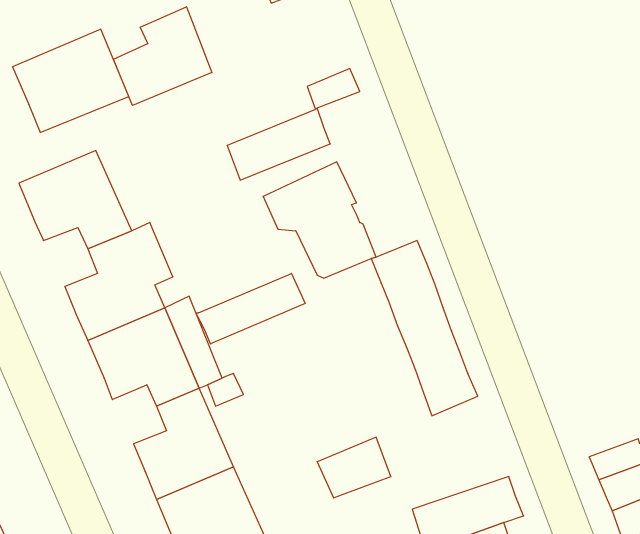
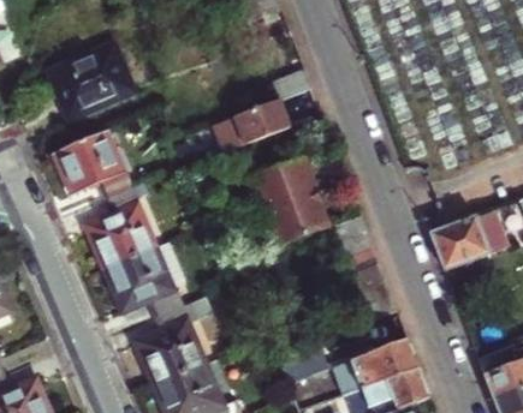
building: [114,7,212,105] -> none
building: none -> [429,209,506,269]
building: [196,273,305,344] -> none
building: none -> [333,341,417,394]

